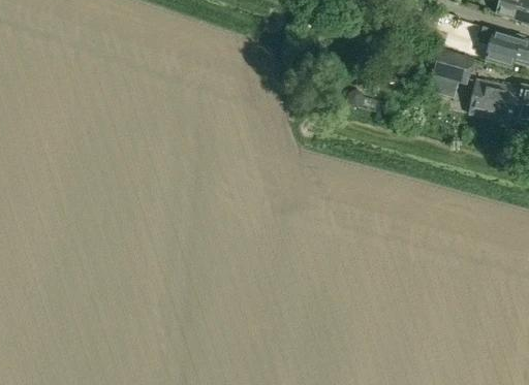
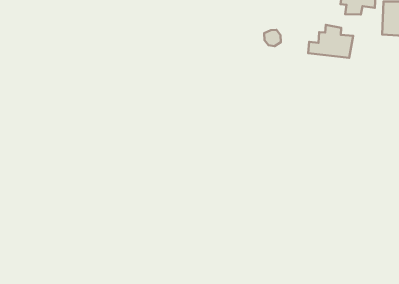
building: none -> [308,25,353,58]

